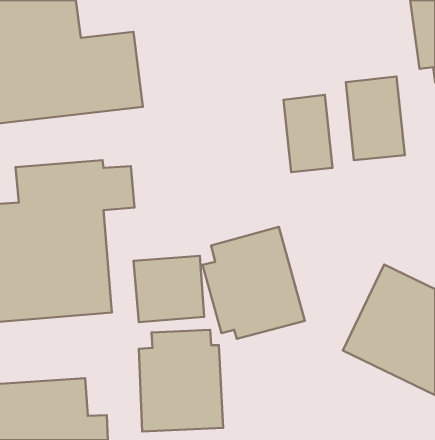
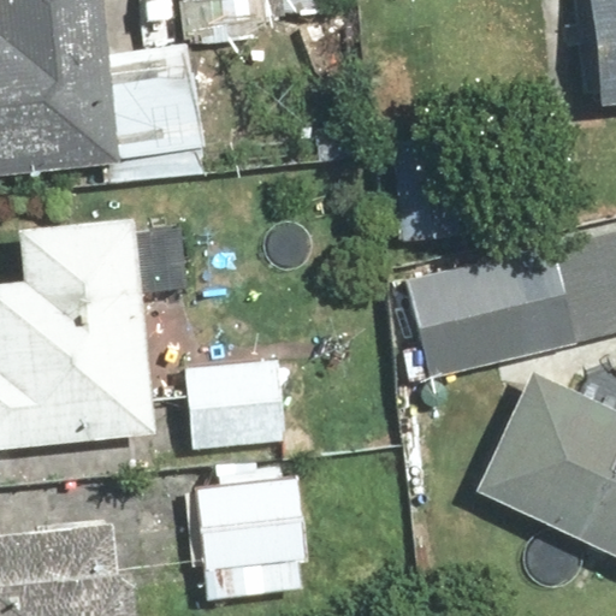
building: [346,76,405,160] -> none
building: none -> [399,238,579,381]
building: [203,227,305,339] -> none

